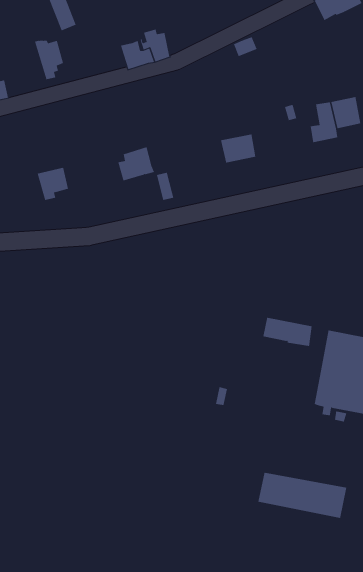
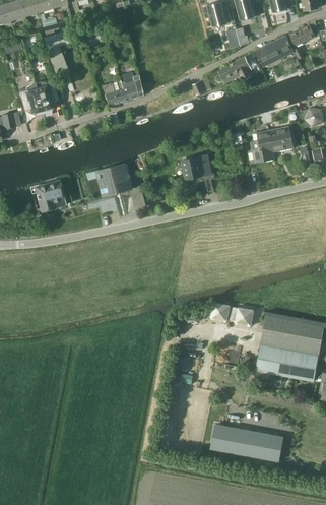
building: none -> [218,56,252,83]
building: none -> [19,82,44,115]

